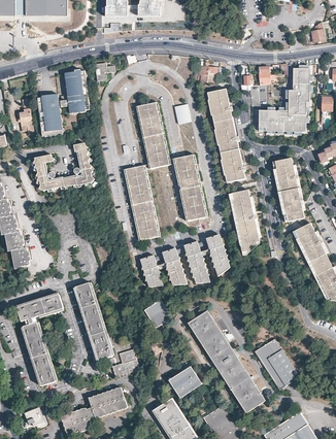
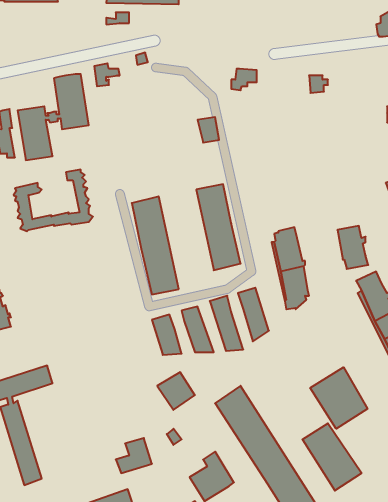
building: [256,67,312,133] -> none
building: [207,89,244,181] -> none
building: [135,102,169,168] -> none
building: [274,157,297,190] -> none
building: [73,282,110,360] -> none
building: none -> [310,367,367,429]

